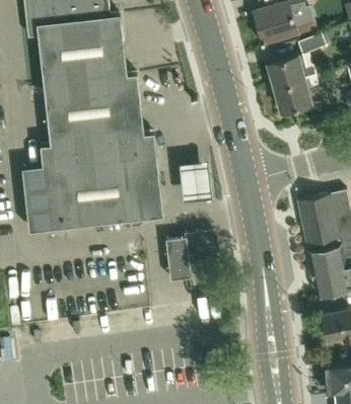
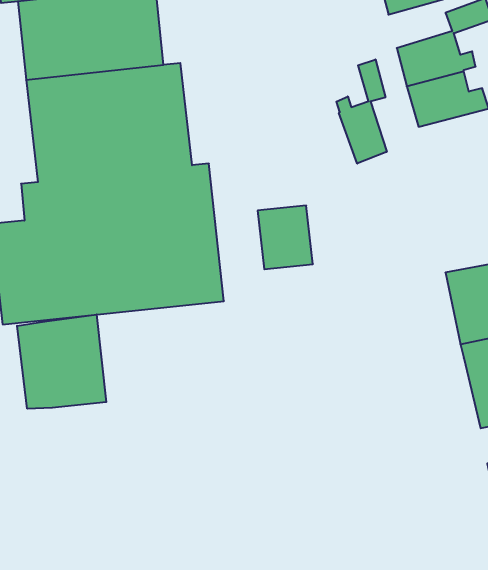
building: none -> [336,59,387,164]
building: none -> [17,314,106,409]
building: [165,235,215,280] -> none

